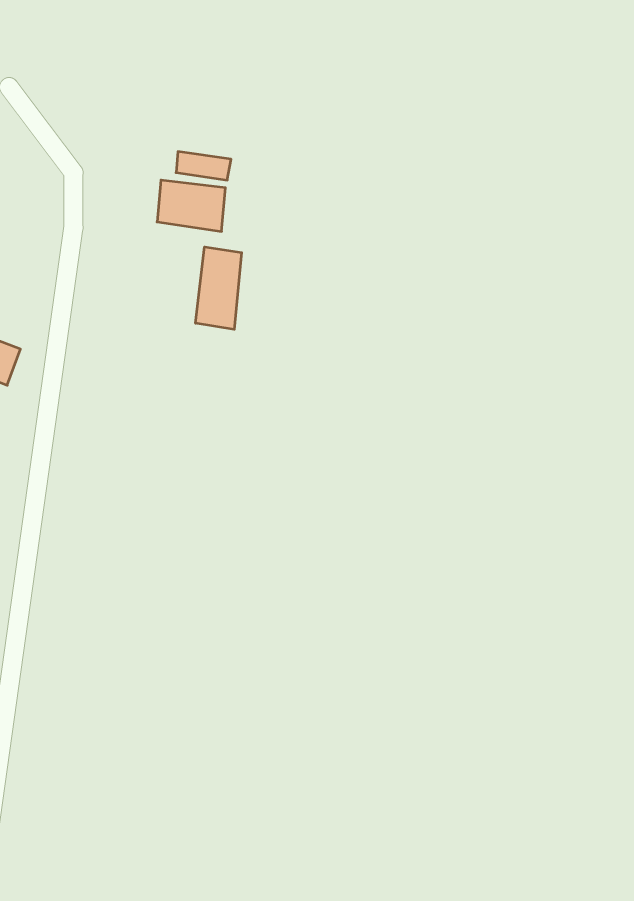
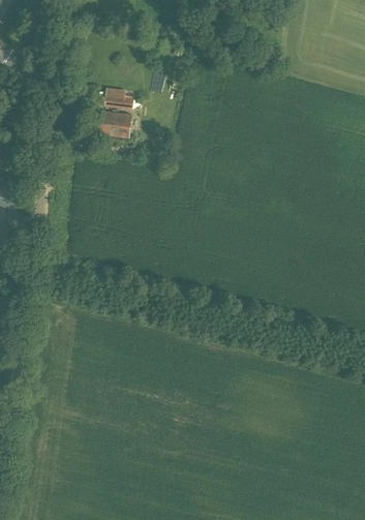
building: [196,247,242,329] -> none

